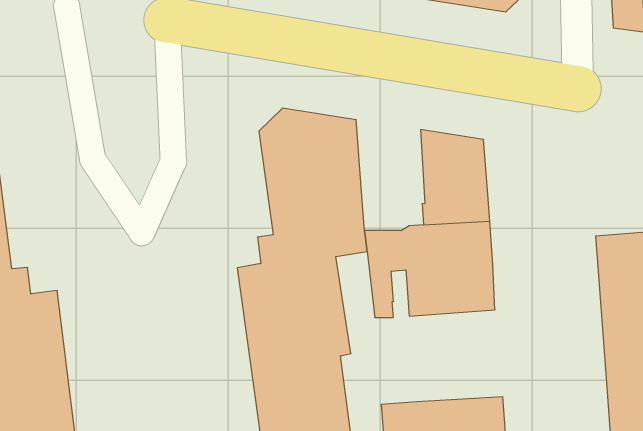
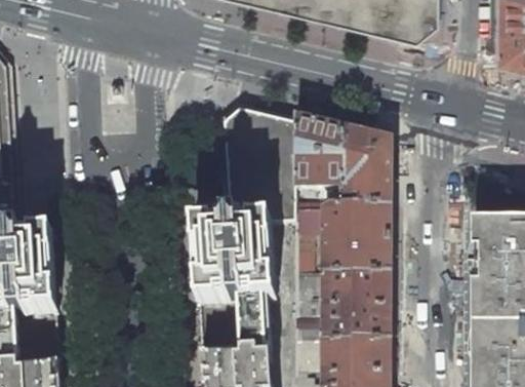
building: none -> [293,115,342,185]
building: none -> [296,269,391,338]

